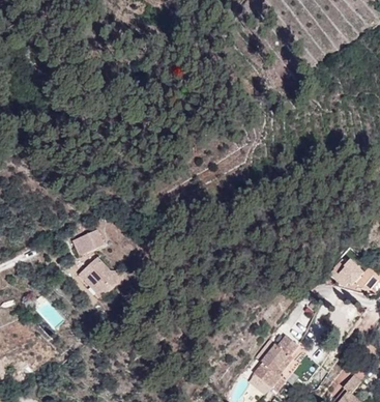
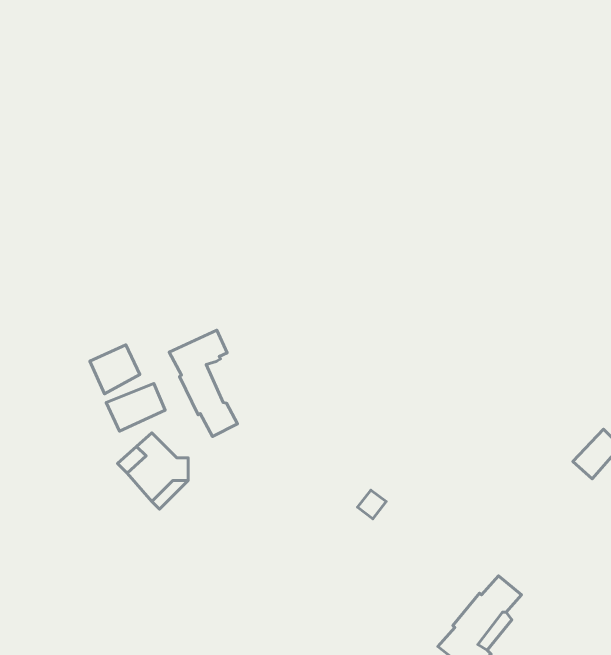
building: none -> [169,330,238,436]
building: none -> [90,345,140,394]

